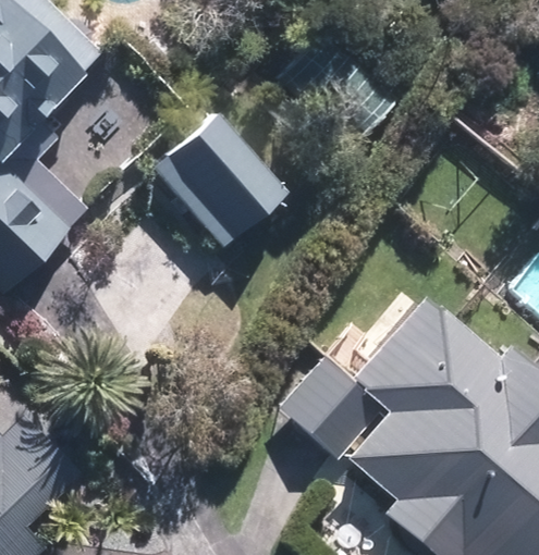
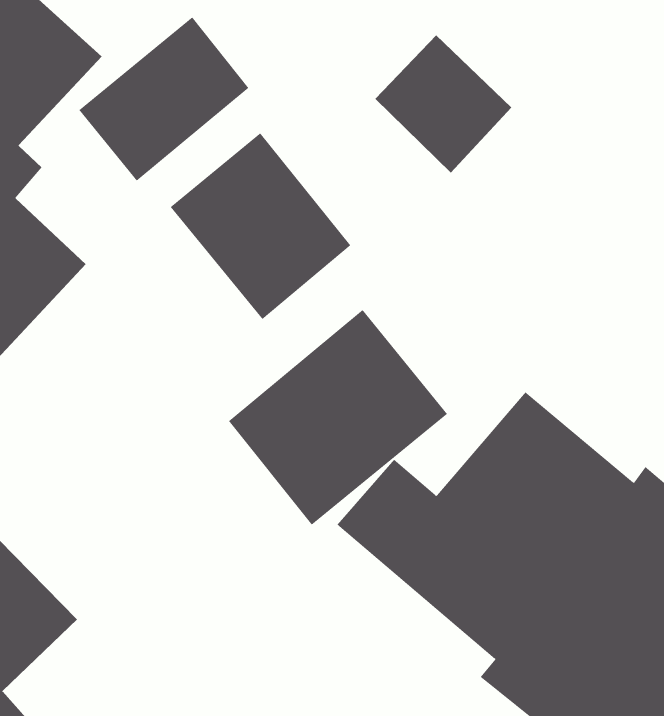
building: none -> [78,17,249,181]
building: none -> [228,309,448,526]

